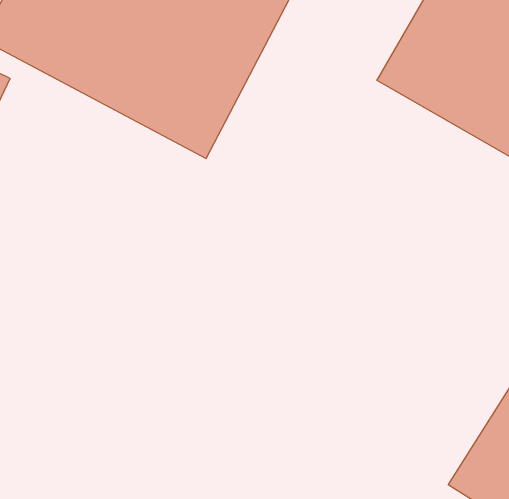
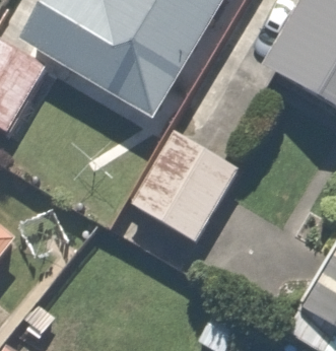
building: none -> [130,130,237,242]

